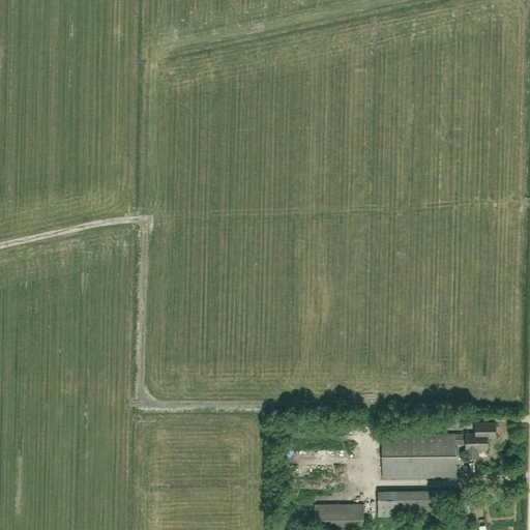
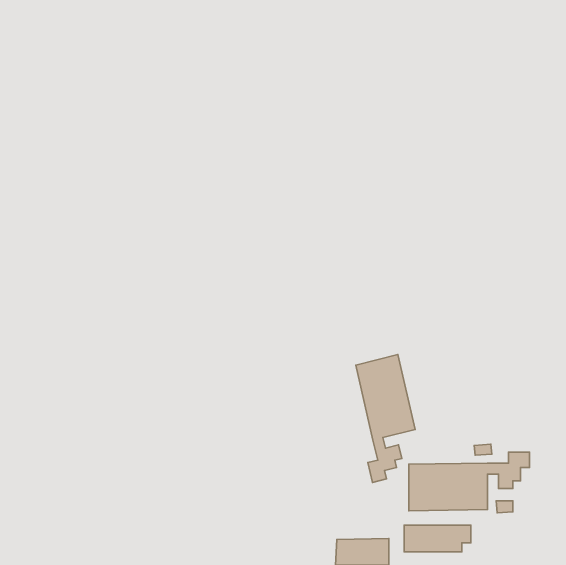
building: none -> [356,355,415,483]

